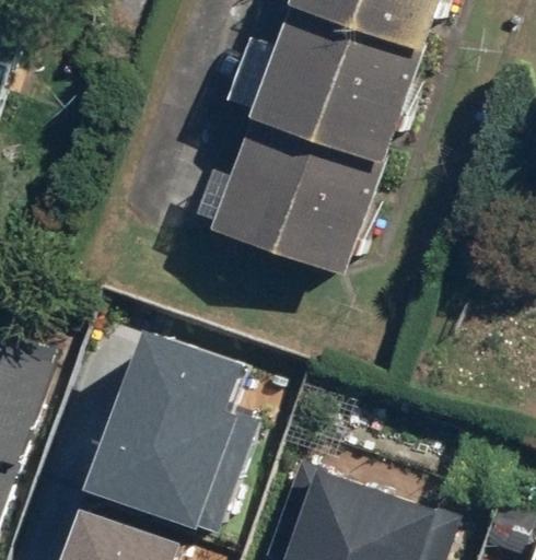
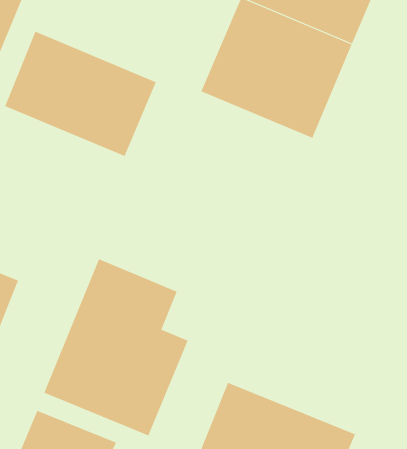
building: none -> [4,31,156,157]
building: [210,125,381,276] -> none

